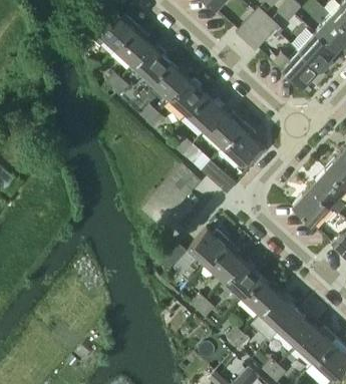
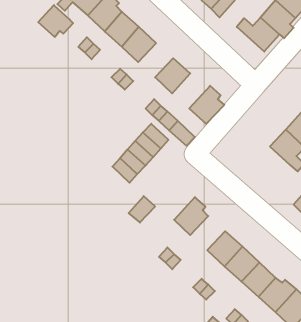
building: none -> [38,5,73,37]
building: [169,79,207,115] -> none
building: [206,111,246,148] -> none
building: [293,188,330,226] -> none
building: [189,229,230,266] -> none
building: [225,262,262,298] -> none

